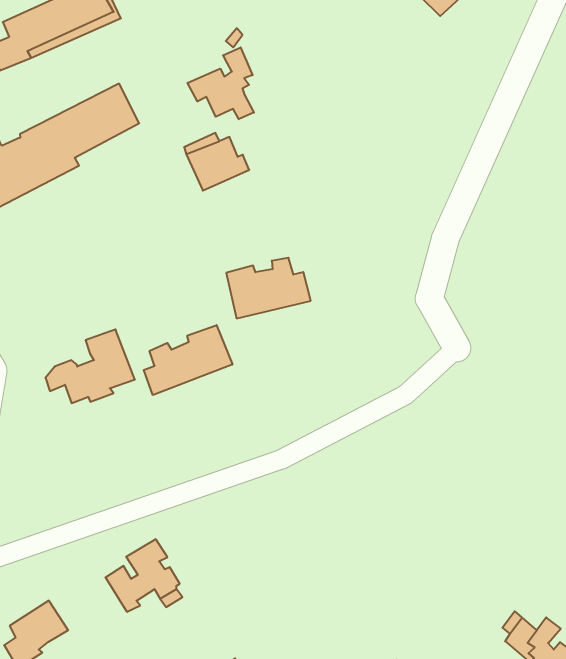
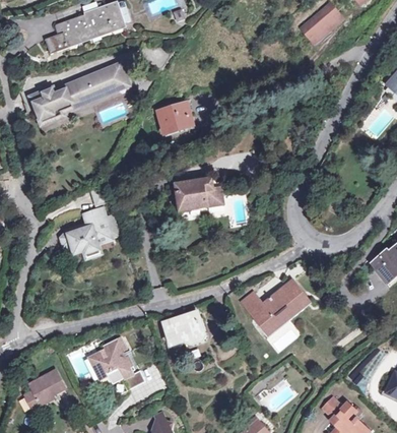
building: [187,47,254,119] -> none
building: [144,325,232,395] -> none
building: none -> [242,280,309,331]
building: none -> [163,311,203,343]

